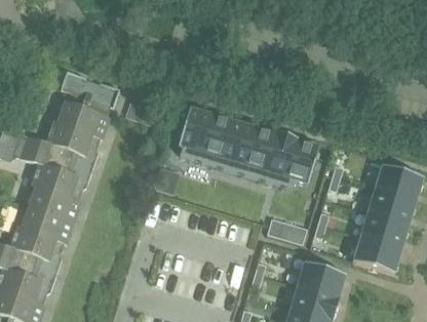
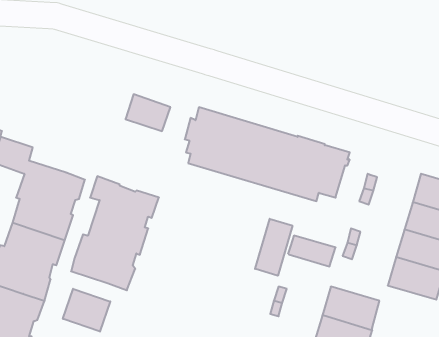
building: [43,70,119,168] -> [71,176,159,290]
building: none -> [255,219,292,276]
building: none -> [63,289,110,332]

